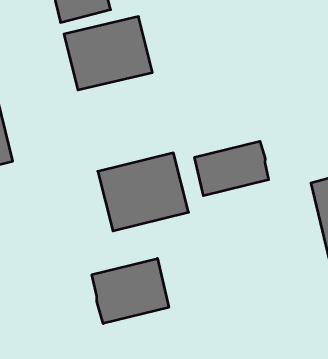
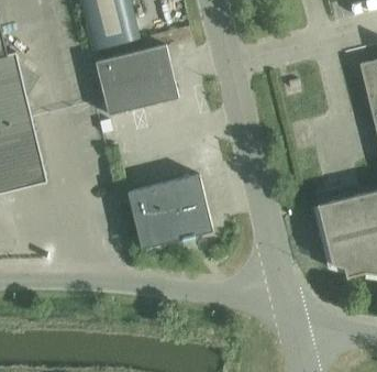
building: [195,141,269,196] -> none
building: [92,258,169,324] -> none

